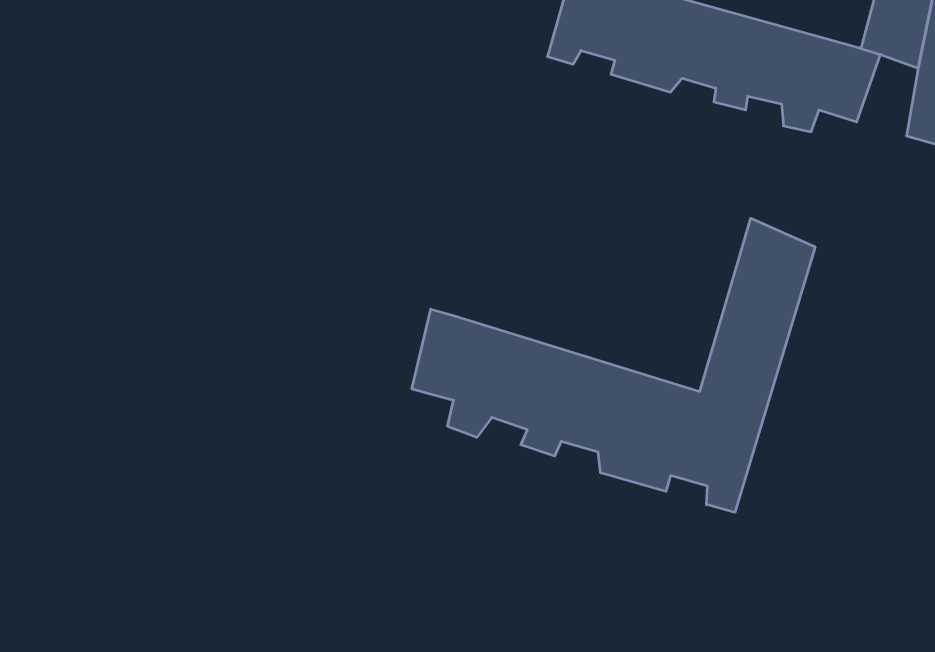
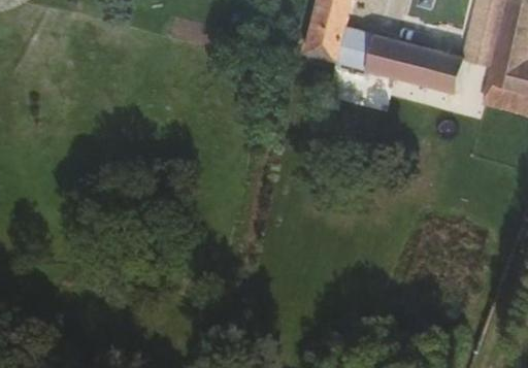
building: [412,218,815,512] -> none

